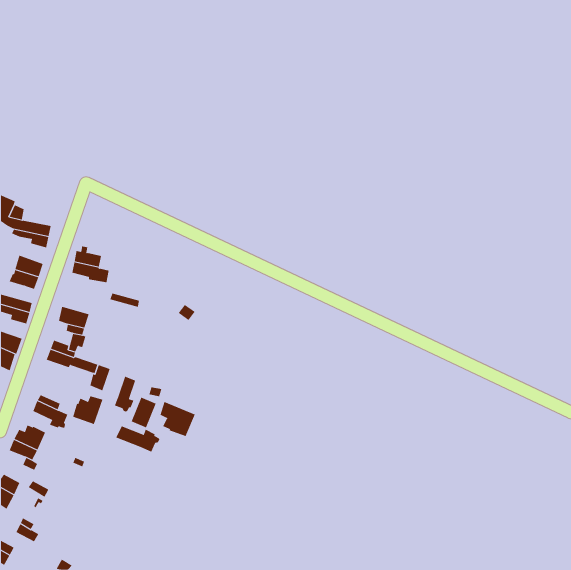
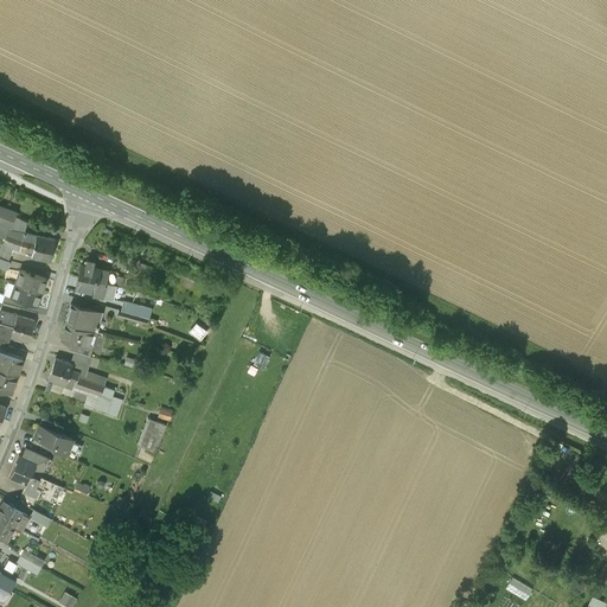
building: none -> [65,306,104,334]
building: [114,376,136,413] -> none
building: [73,396,103,425] -> none
building: [160,401,195,437] -> none
building: [116,425,160,452] -> none

